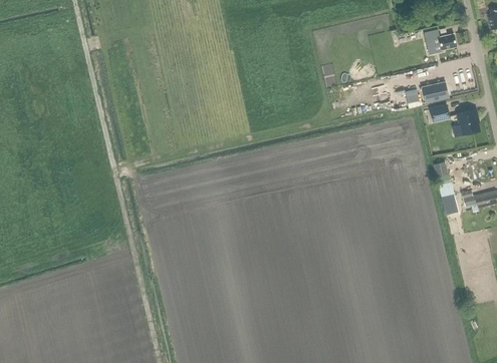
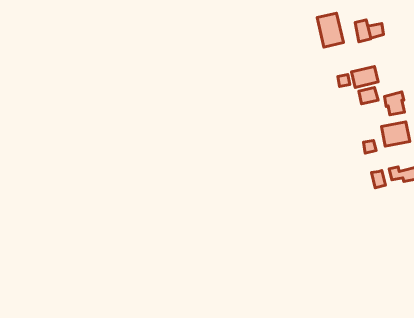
building: none -> [317,13,343,47]
building: none -> [381,122,410,146]

